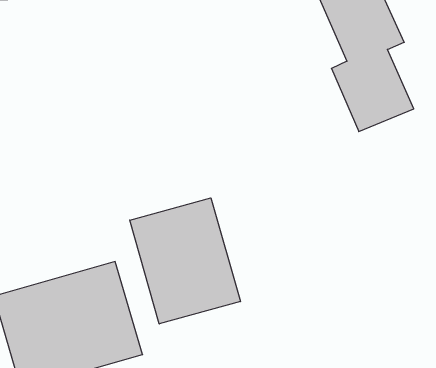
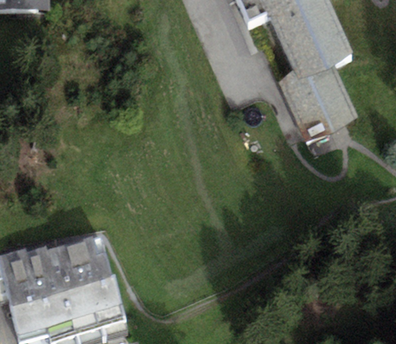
building: [130,198,240,324] -> none

